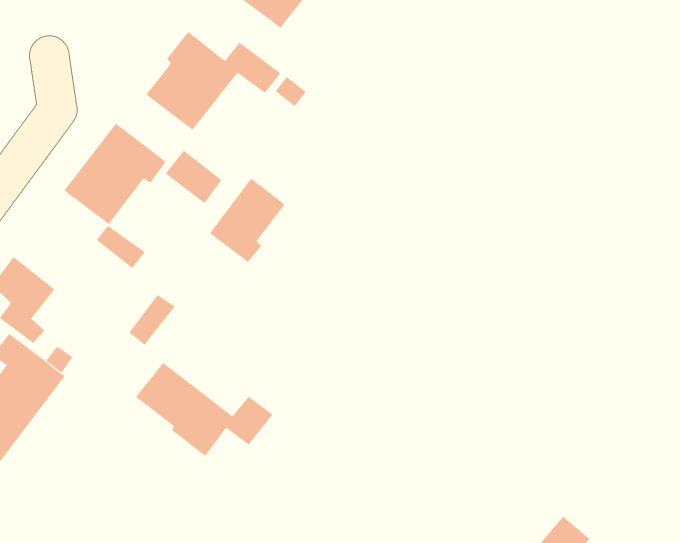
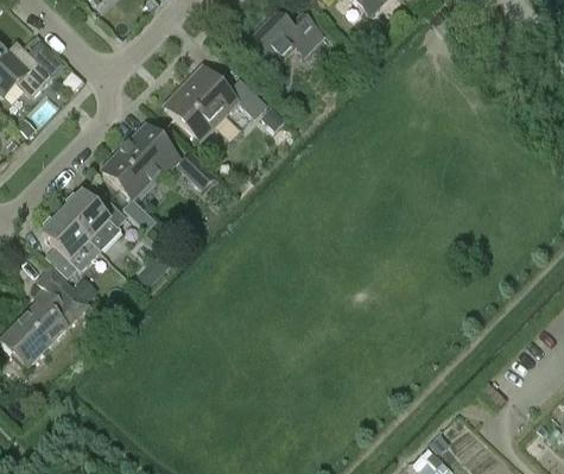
building: [209,178,286,263] -> none
building: none -> [61,192,126,251]
building: [135,362,273,457] -> none

